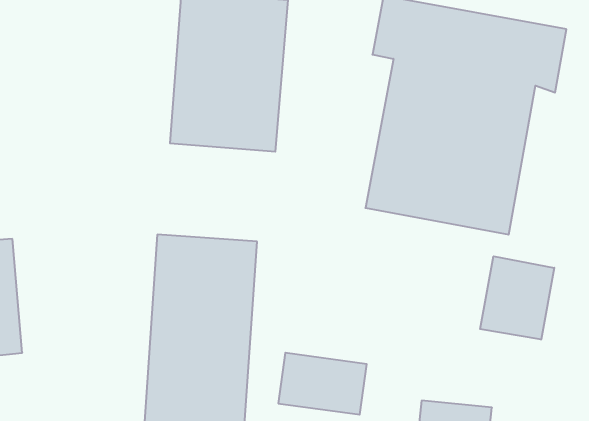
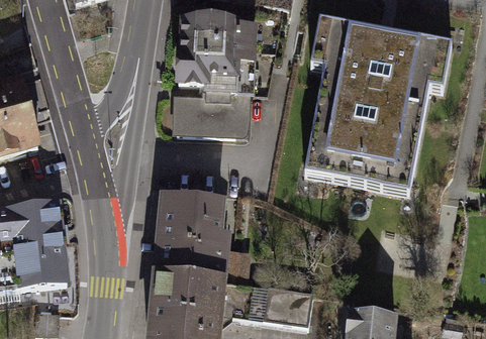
building: [480,256,554,340] -> none

